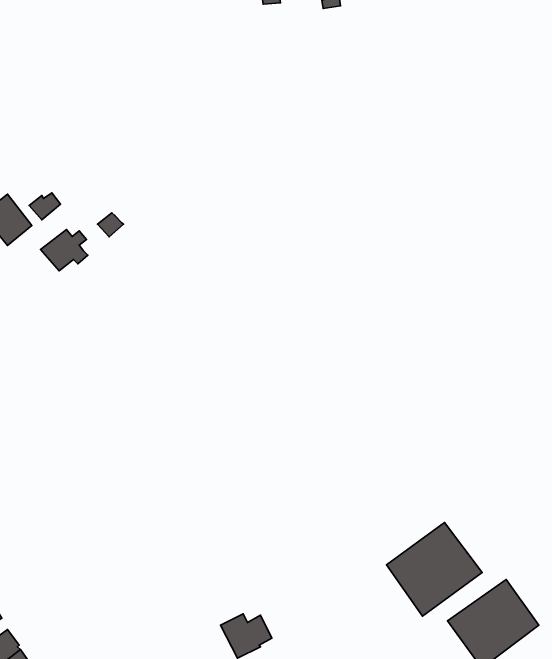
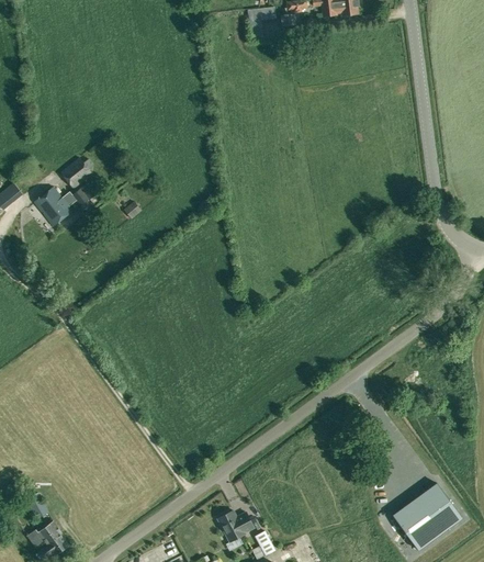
building: [41,229,88,271] -> [59,157,95,189]
building: [387,522,482,616] -> none

